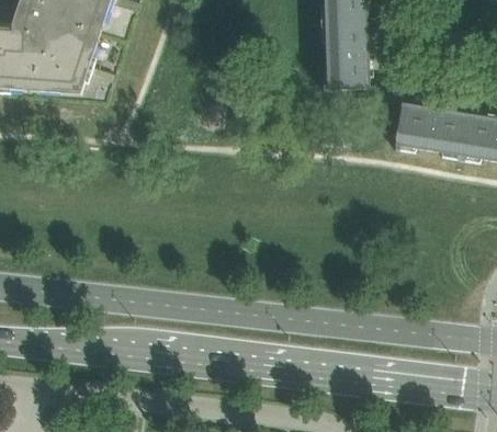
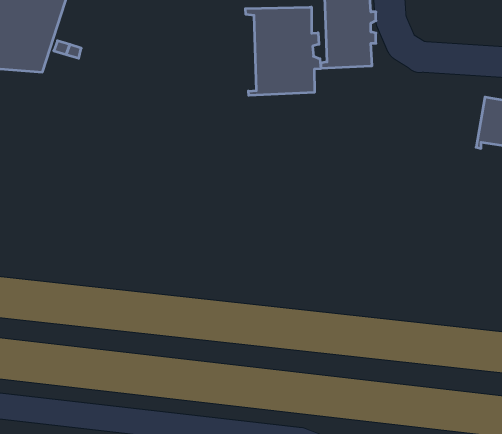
building: none -> [245,7,321,95]
building: [393,104,466,160] -> none

